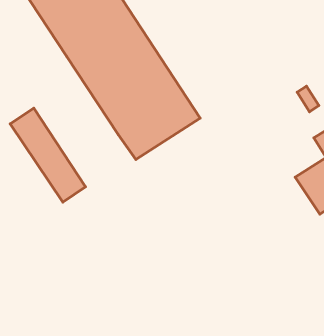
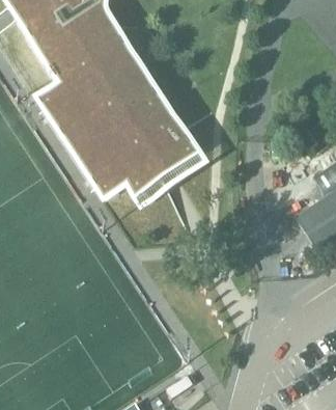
building: [10,108,86,202] -> [45,92,120,187]

